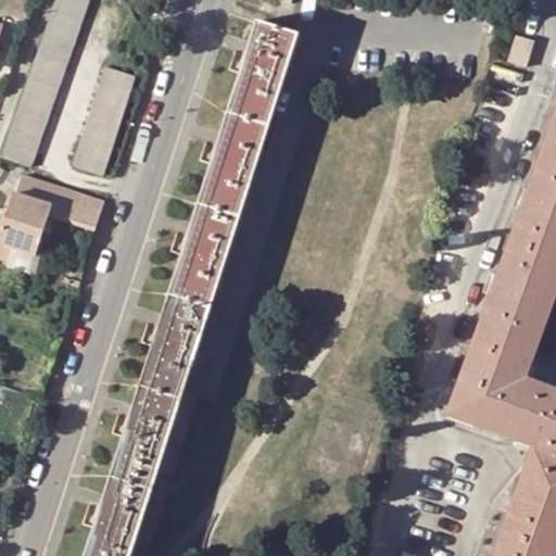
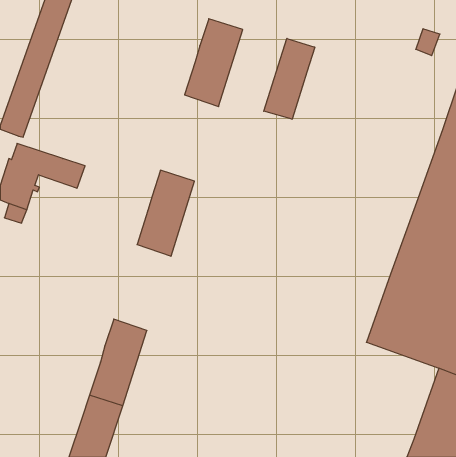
building: none -> [264,38,315,119]
building: [74,66,135,175] -> none
building: [197,115,267,219] -> none
building: [140,296,210,401] -> none

